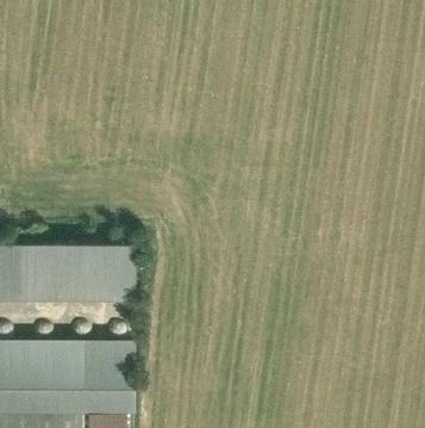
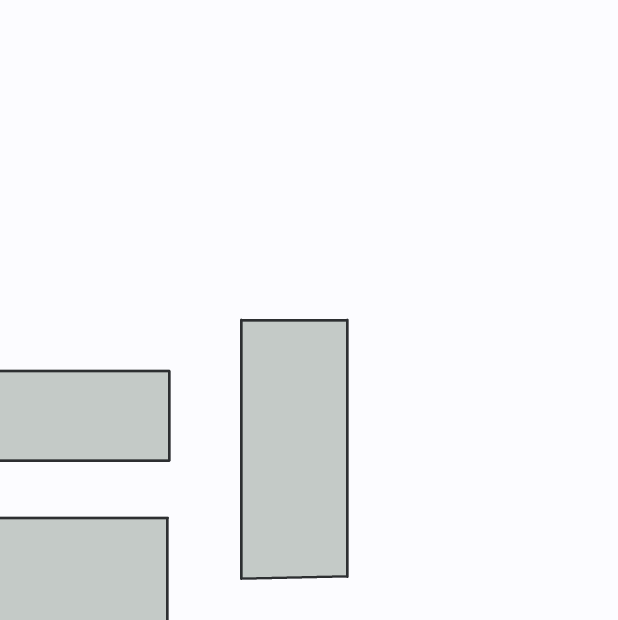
building: none -> [241,320,347,579]

